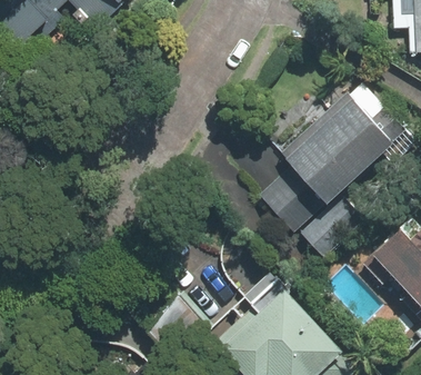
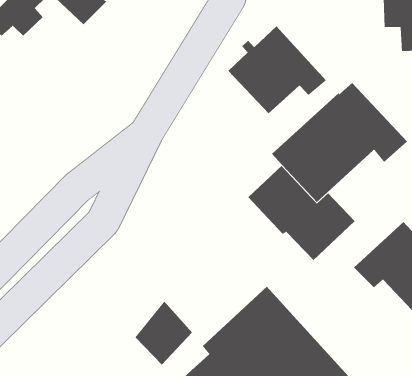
building: none -> [227,25,327,114]

